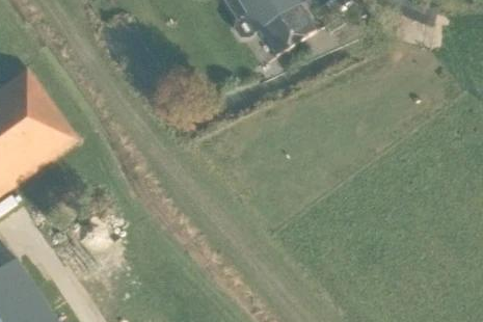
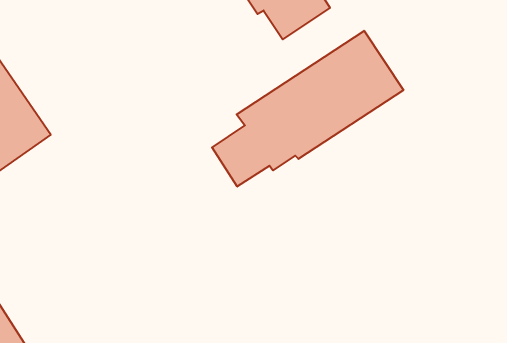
building: none -> [212,31,403,187]

